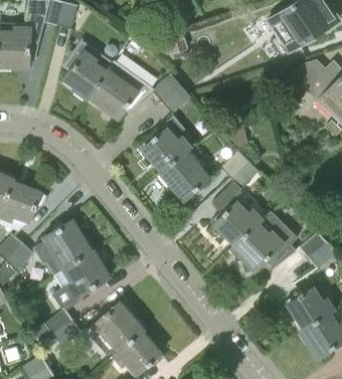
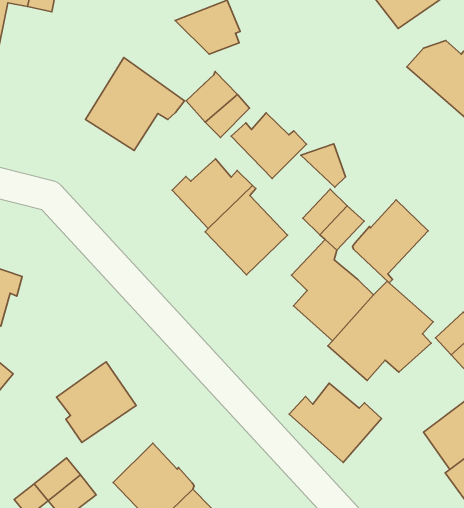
building: [62,42,115,100] -> none
building: none -> [231,113,306,178]
building: none -> [353,200,428,283]
building: [41,220,91,269] -> none
building: none -> [289,383,381,462]

